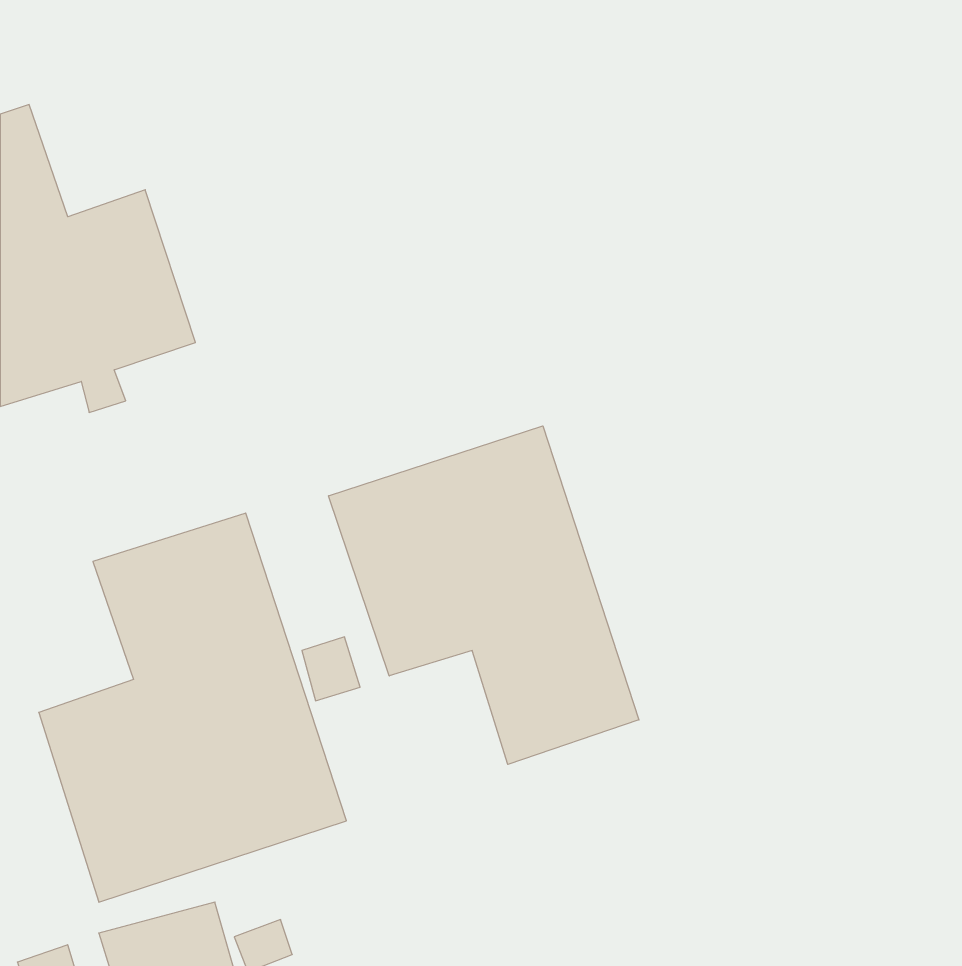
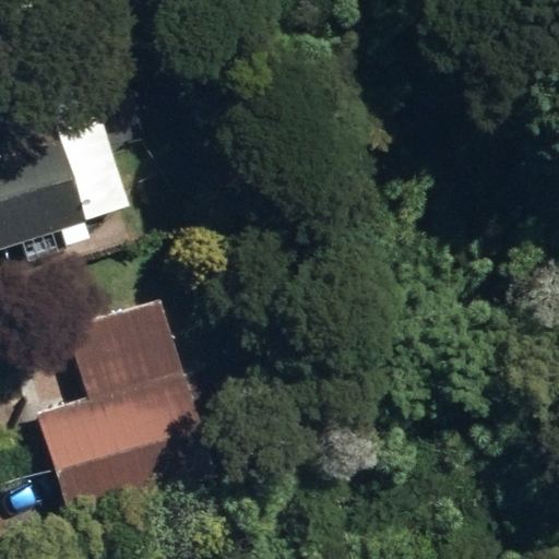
building: [329,426,639,764] -> none

